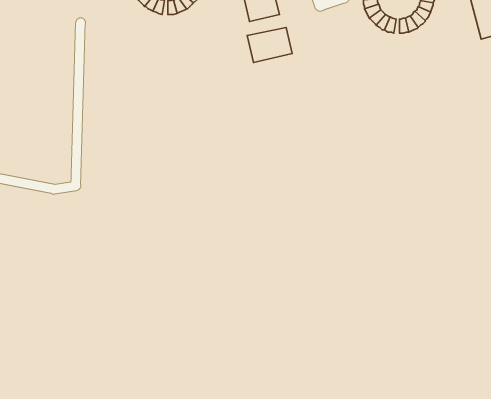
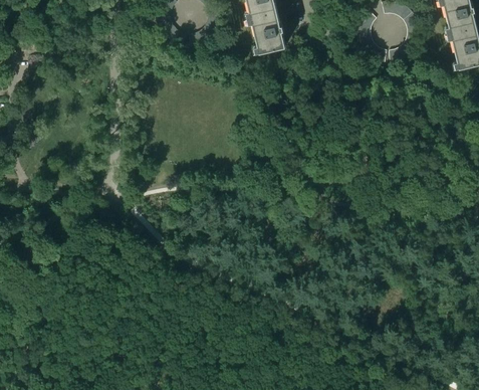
building: [247,27,292,62] -> none

